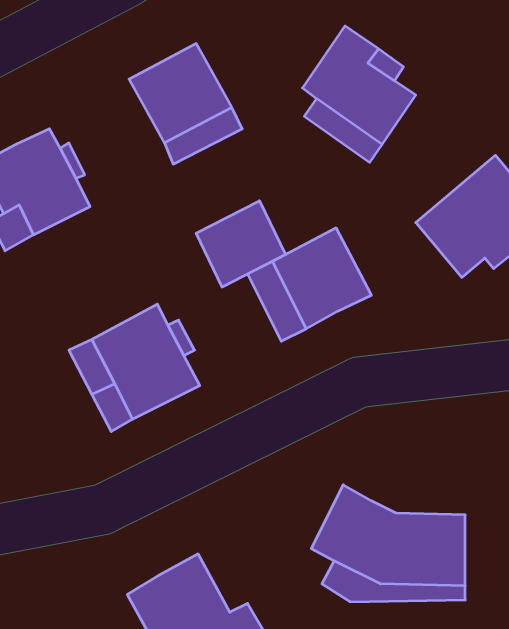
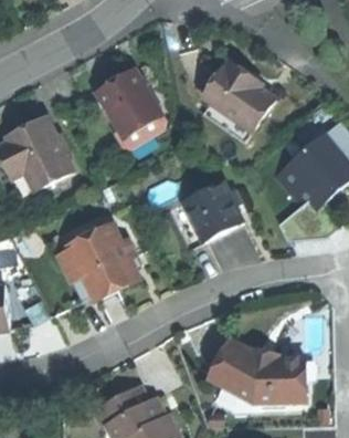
building: [196,201,285,287] -> none

